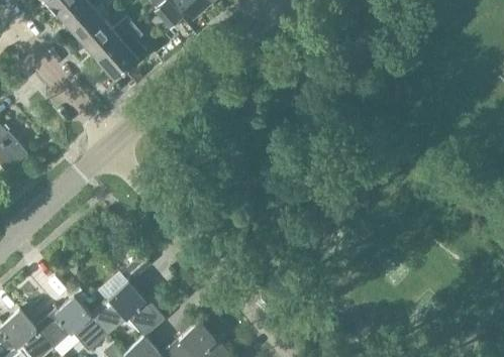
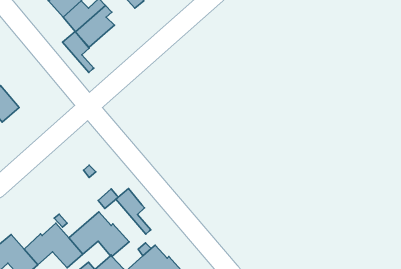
building: none -> [62,31,94,72]
building: none -> [116,189,151,234]

